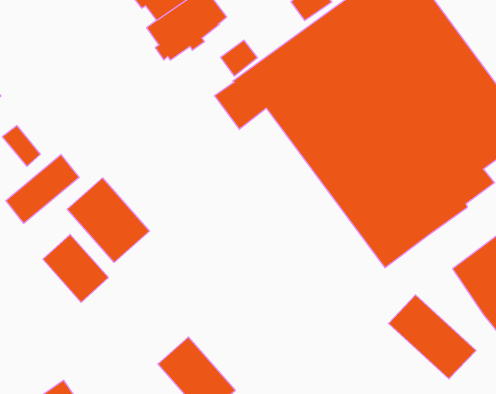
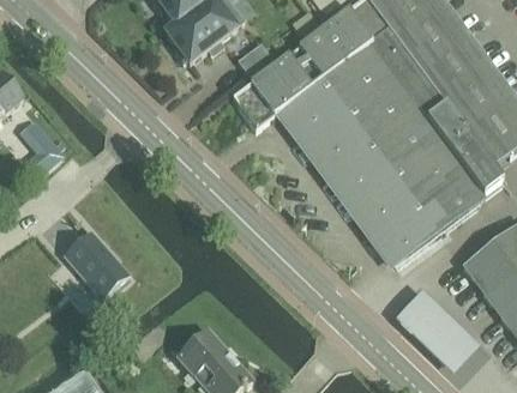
building: [6,154,79,223] -> none
building: [67,178,149,262] -> none

